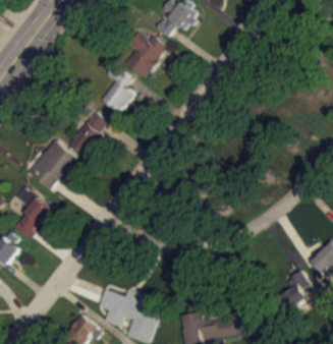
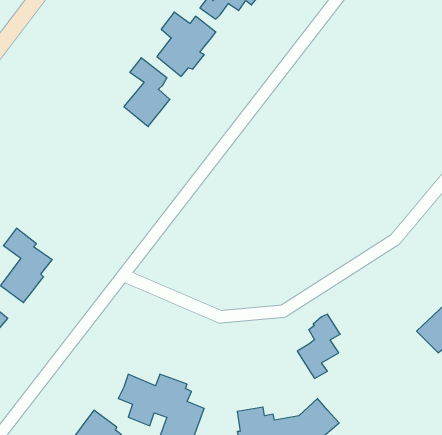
building: [69,105,108,155] -> none
building: [30,139,81,187] -> none
building: [278,270,309,316] -> [297,314,340,378]

